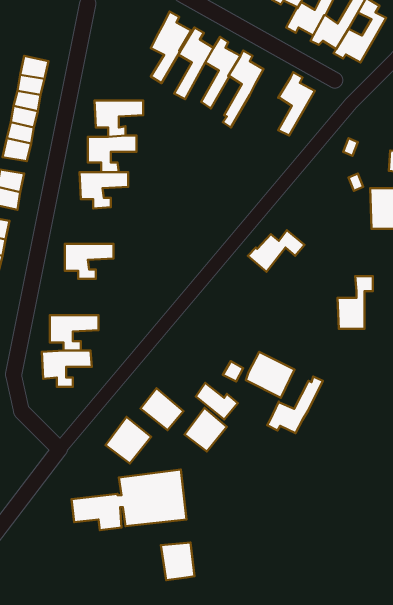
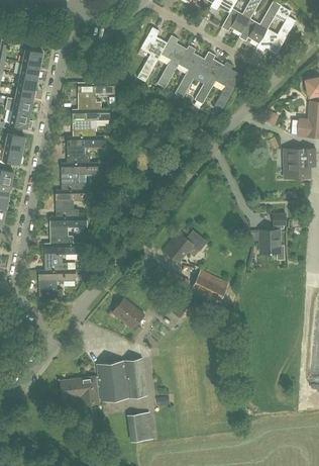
building: [151,12,191,83] -> [193,52,223,105]
building: none -> [61,163,97,190]
building: [248,230,304,272] -> [163,231,205,263]
building: none -> [49,216,86,244]
building: [267,377,323,433] -> none
building: [185,408,227,452] -> none
building: [106,417,151,463] -> none

